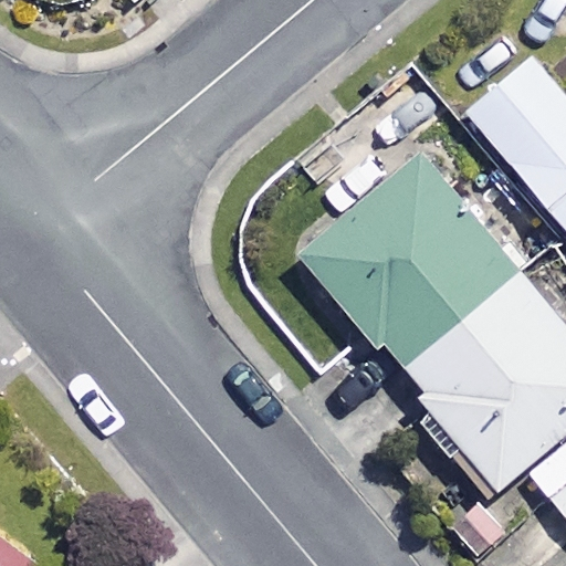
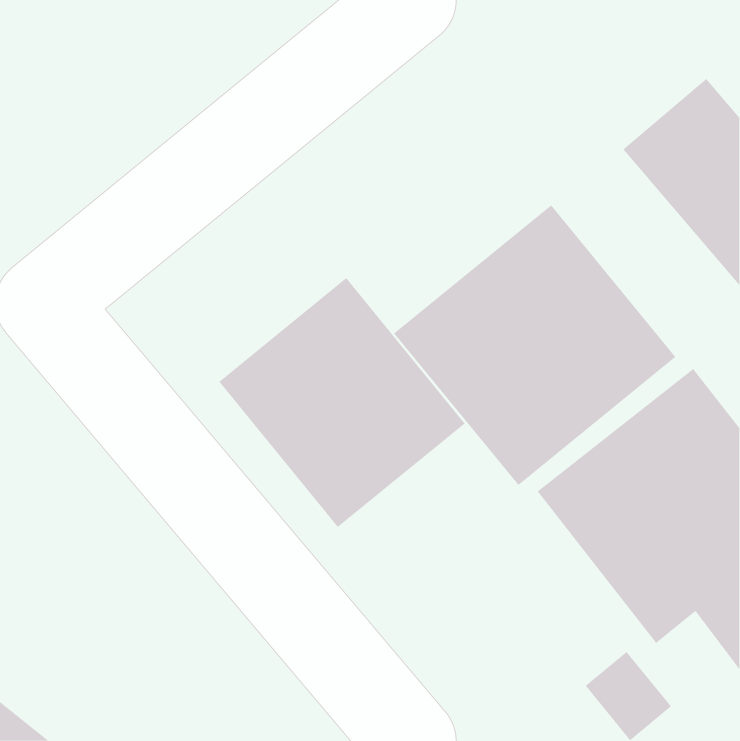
building: none -> [218,277,465,528]

